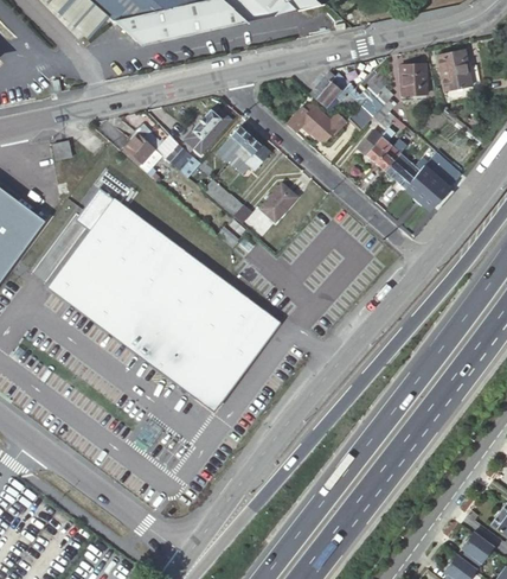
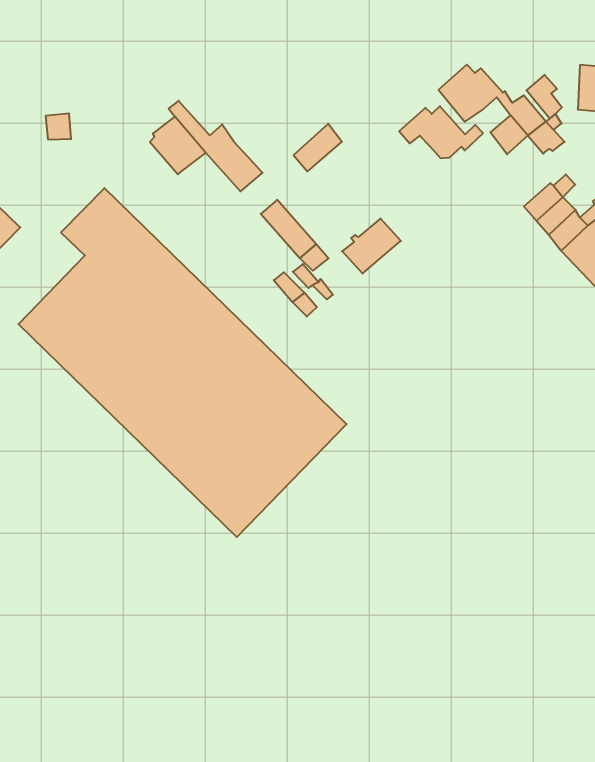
building: [184,109,231,154] -> none
building: [357,128,394,164] -> none
building: [230,136,269,170] -> none

